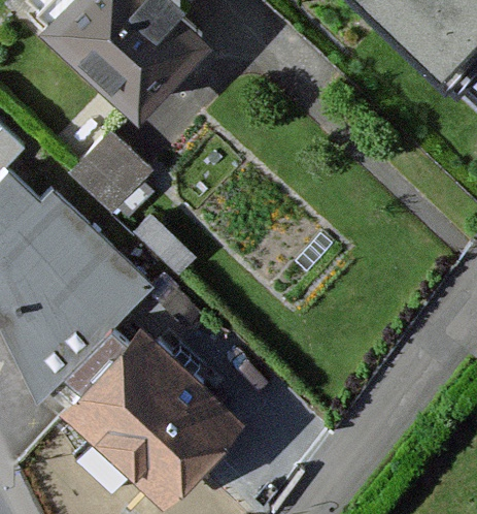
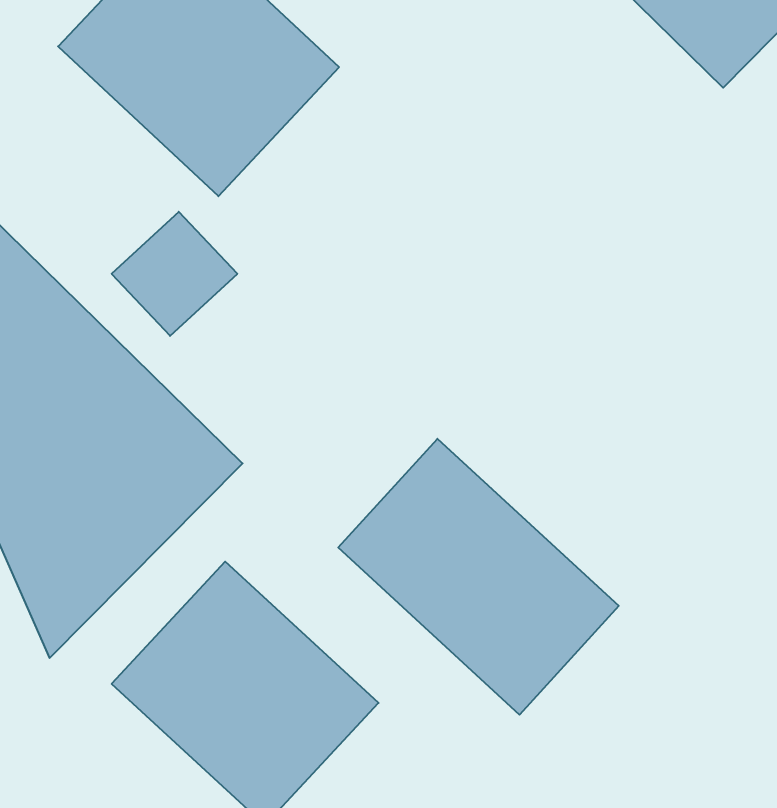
building: none -> [338,439,619,715]

